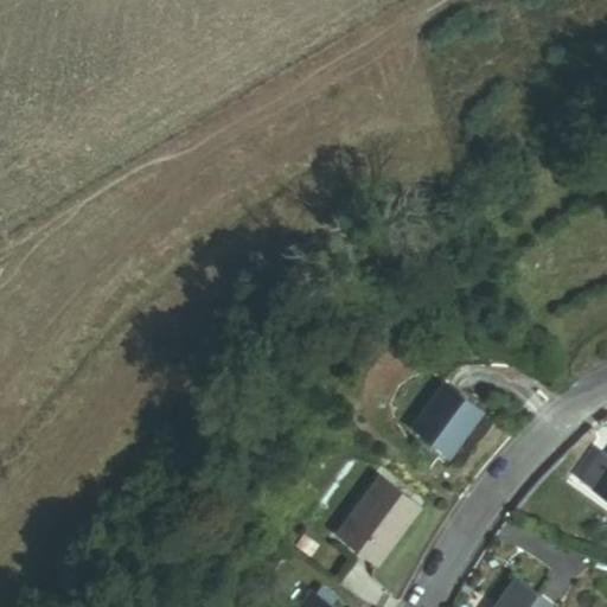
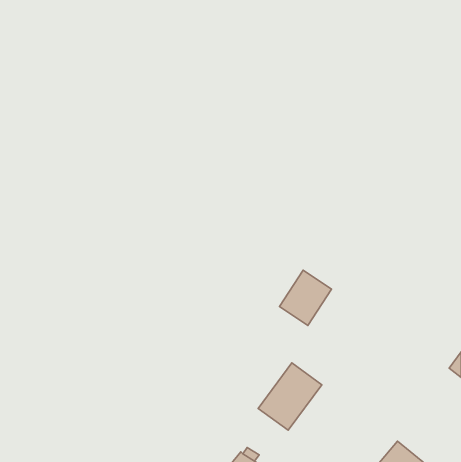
building: [413,384,480,456] -> [280,270,331,326]

